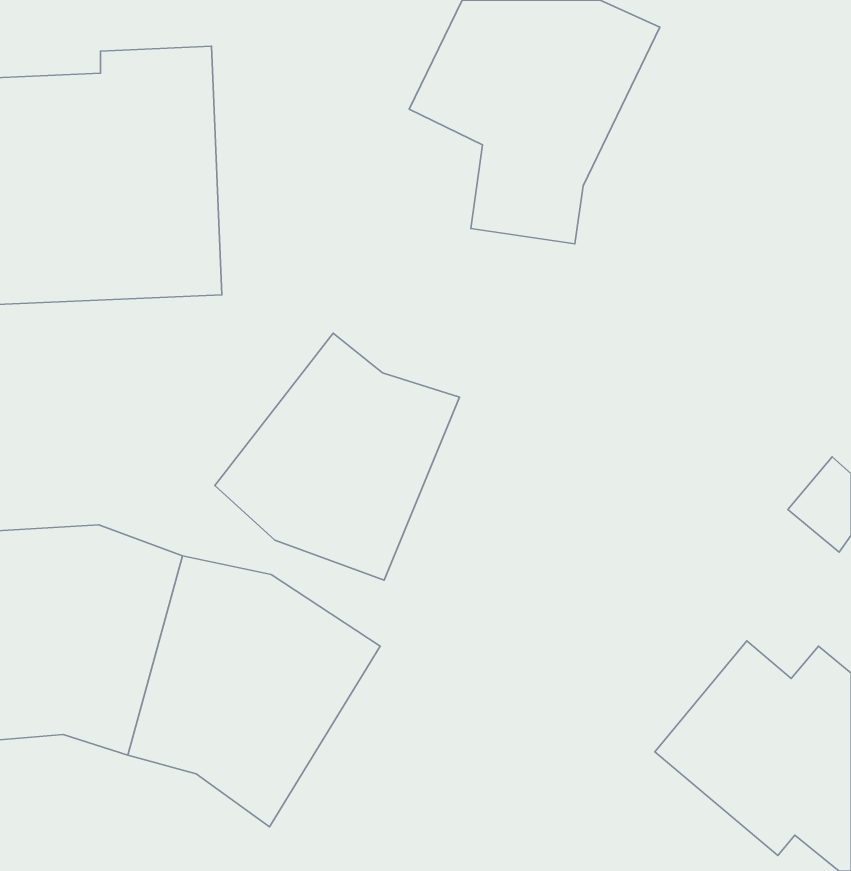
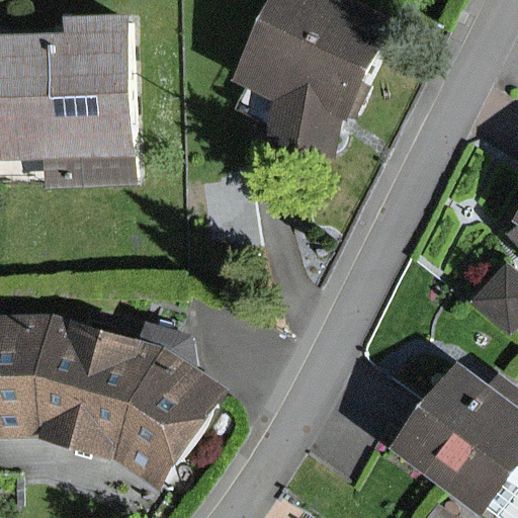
building: [215,333,460,580] -> none

